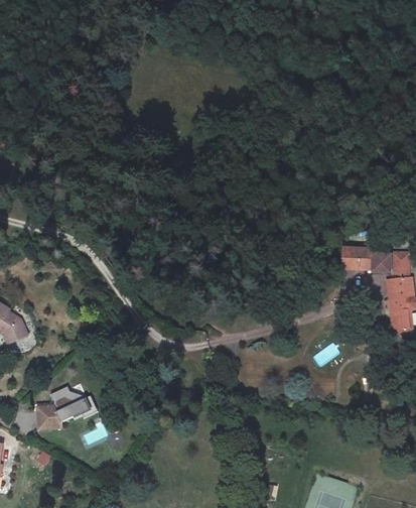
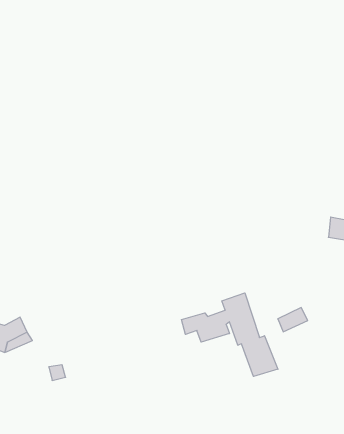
building: none -> [182,293,278,376]

